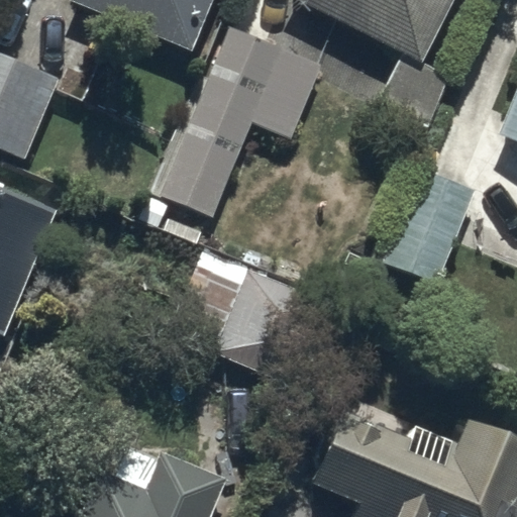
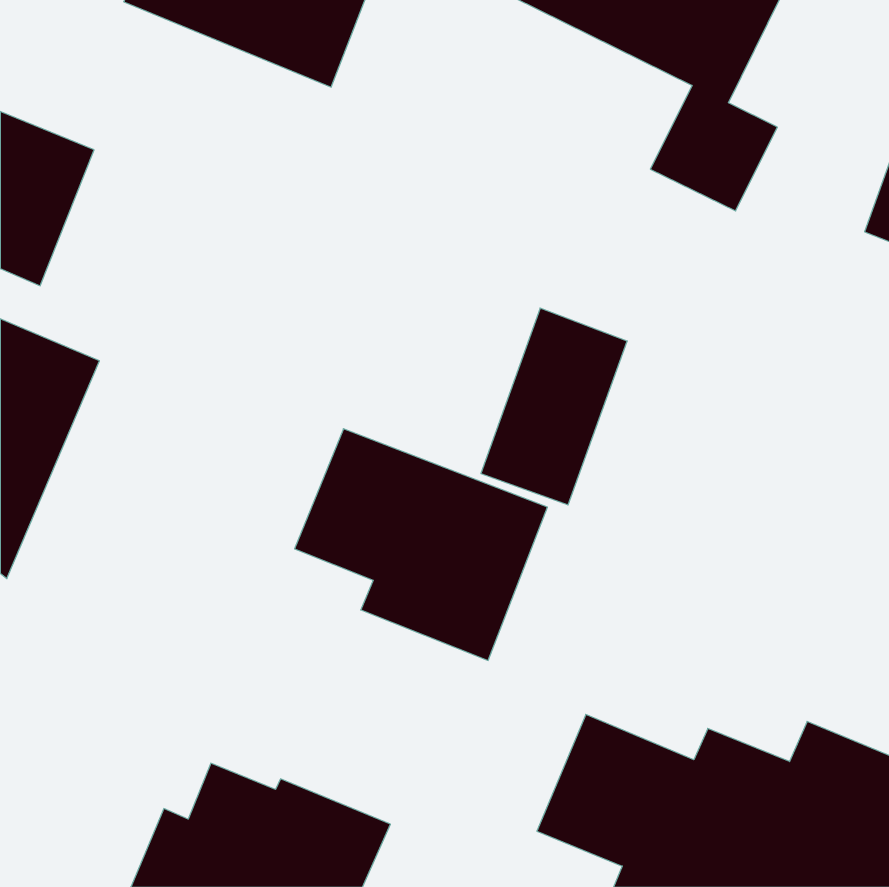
building: [139,31,320,226] -> none
building: [386,170,471,284] -> [481,308,627,505]

